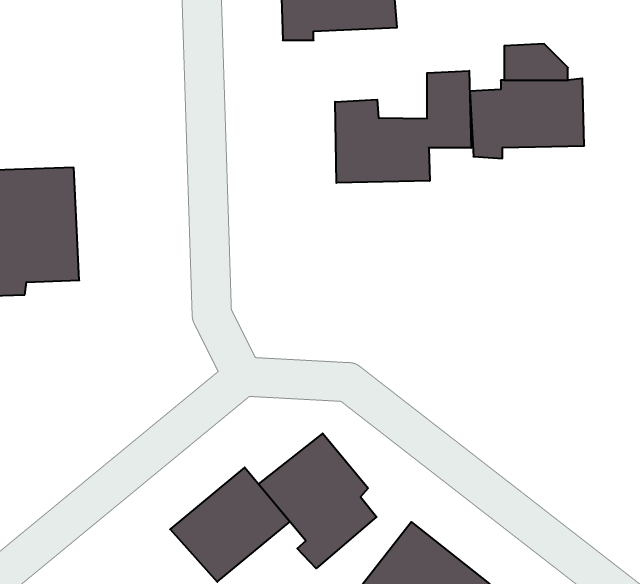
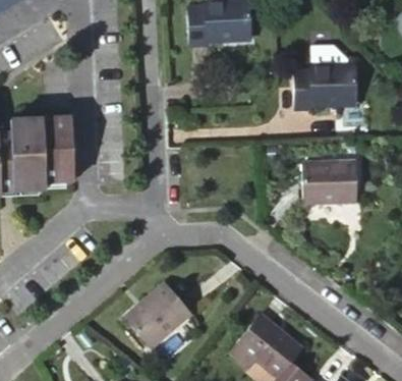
building: [335,71,471,183] -> none
building: none -> [301,162,356,204]
building: [258,433,377,568] -> none

